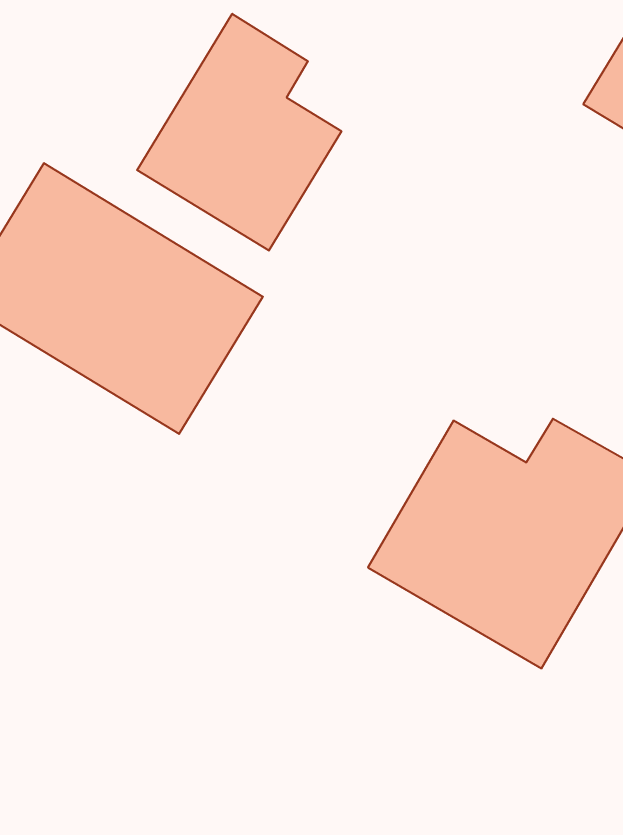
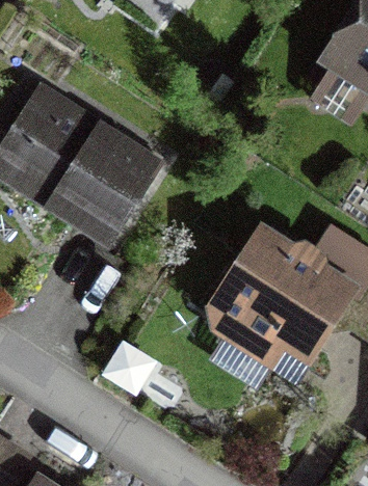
building: [137,14,341,251] -> none

